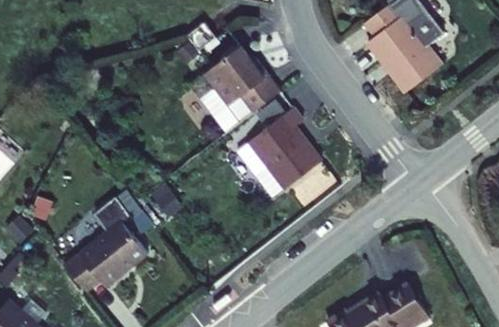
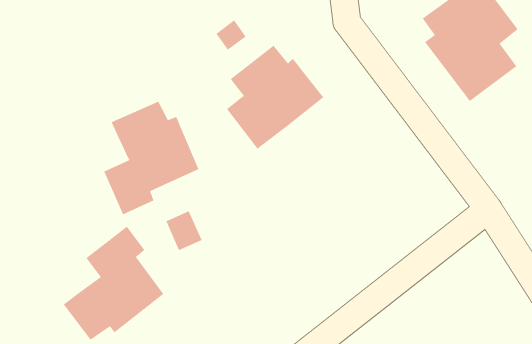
building: none -> [104,101,199,215]
building: [234,105,323,199] -> none

